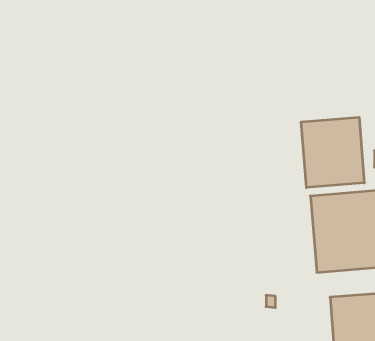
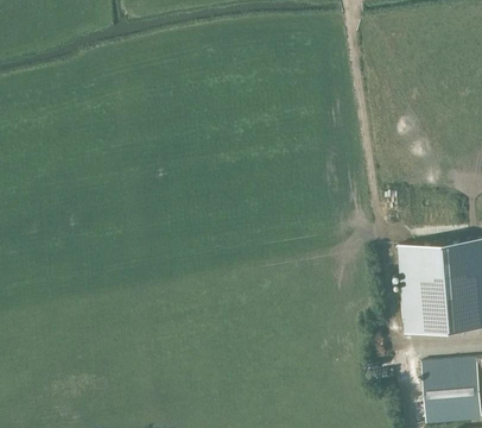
building: [301,117,364,188] -> none

